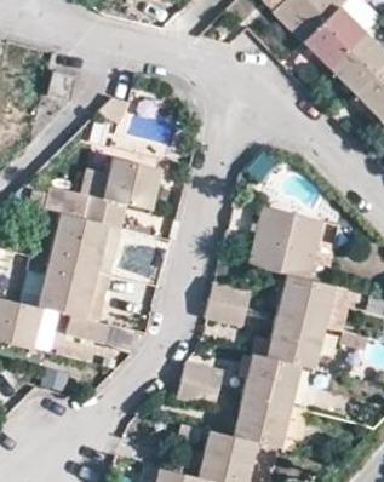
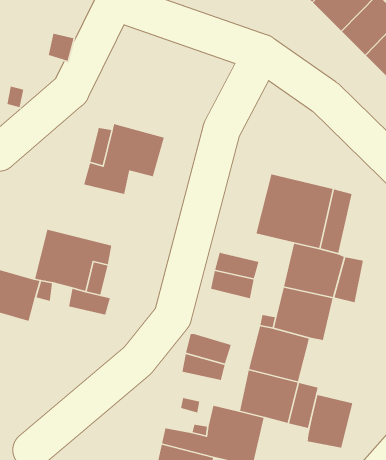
building: [47,212,122,275] -> none
building: none -> [307,394,353,449]

